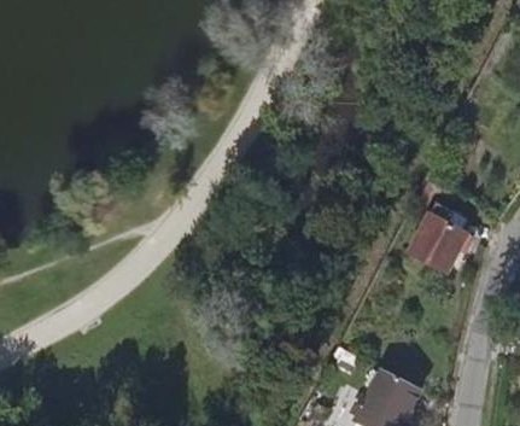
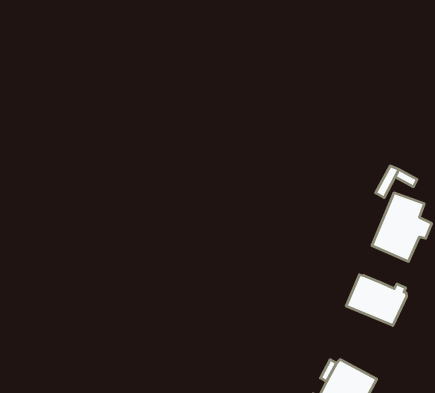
building: none -> [346,275,407,326]

